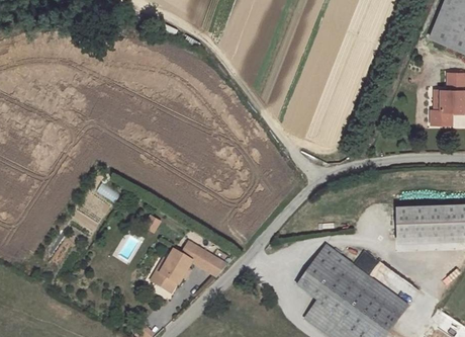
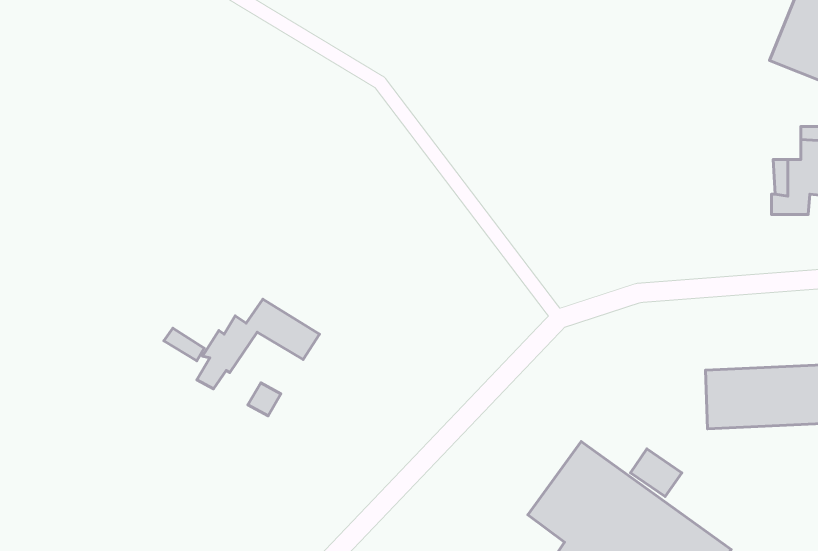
building: [161,244,228,293] -> [197,299,320,389]

